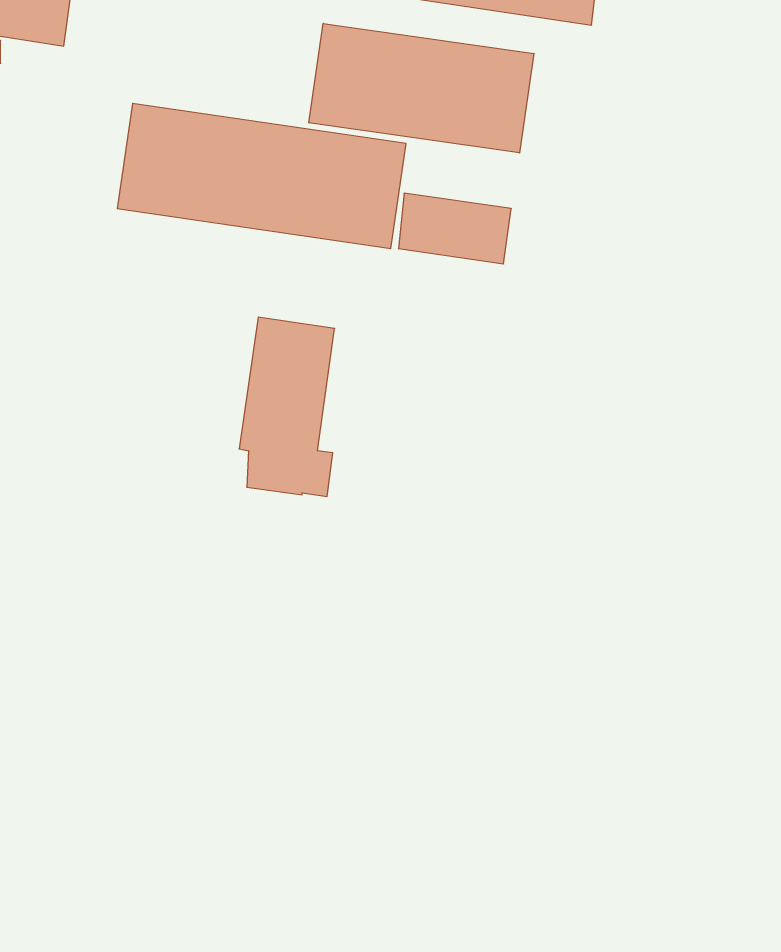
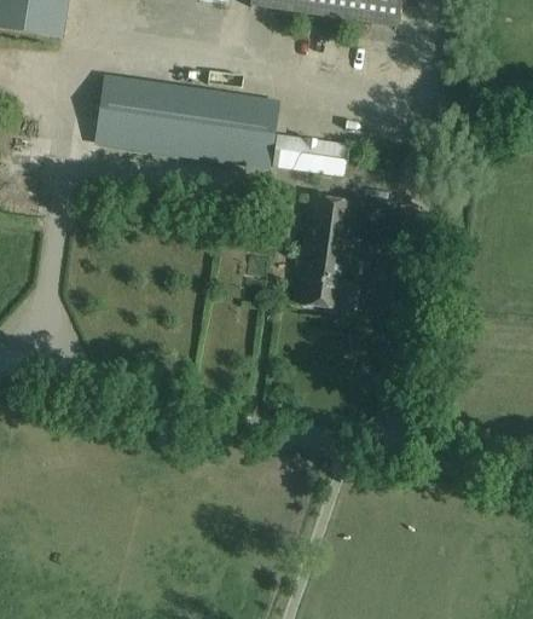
building: [309,23,534,153] -> none
building: [239,317,335,497] -> [297,195,358,308]

